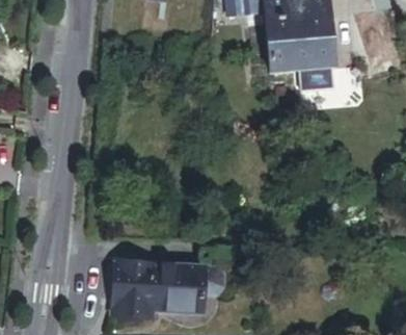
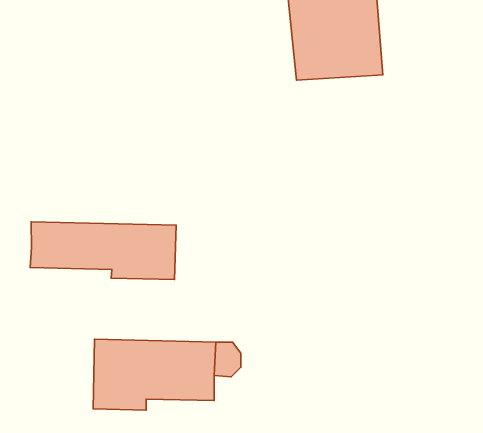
building: none -> [30,222,176,279]

